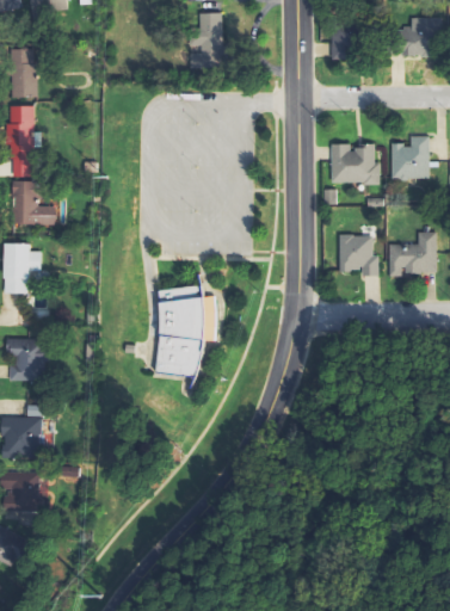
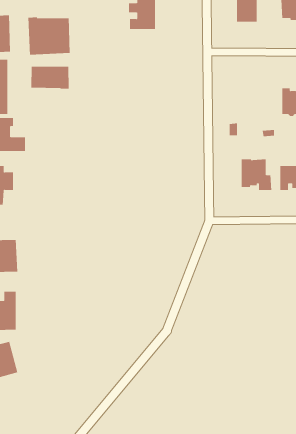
building: none -> [28,17,70,55]
building: none -> [31,66,69,90]
building: [328,143,378,184] -> none
building: [159,288,218,375] -> none

